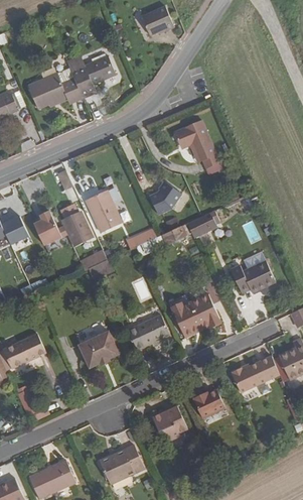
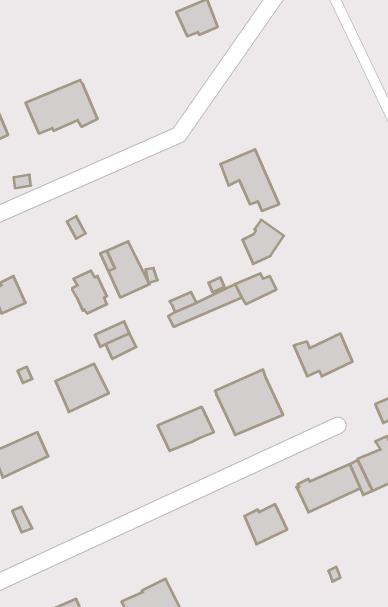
building: [70,55,115,97] -> none
building: [148,180,179,214] -> [242,220,284,264]
building: [33,211,66,244] -> none
building: [79,331,119,367] -> [55,364,109,412]
building: [152,405,187,441] -> none

